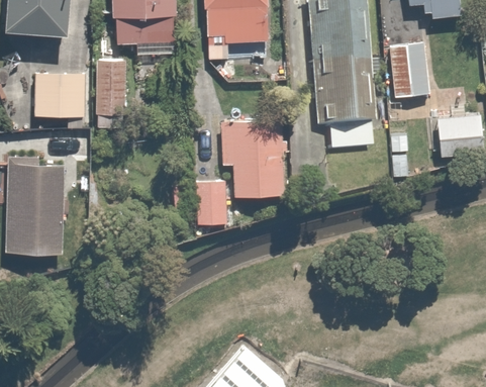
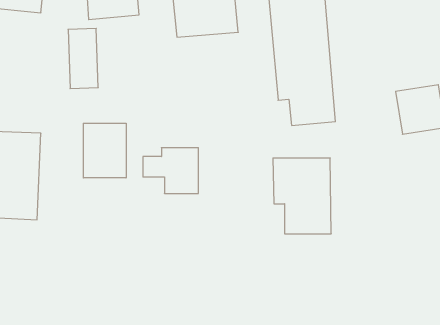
building: [387,37,442,99] -> none
building: [36,67,89,118] -> none
building: [222,117,283,196] -> [273,158,331,234]
building: none -> [83,123,126,178]

